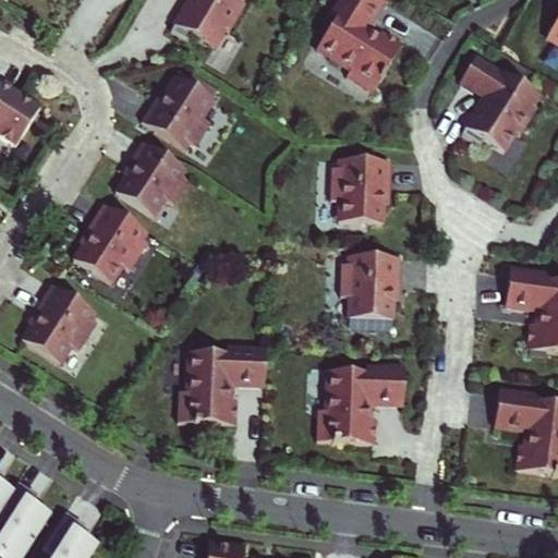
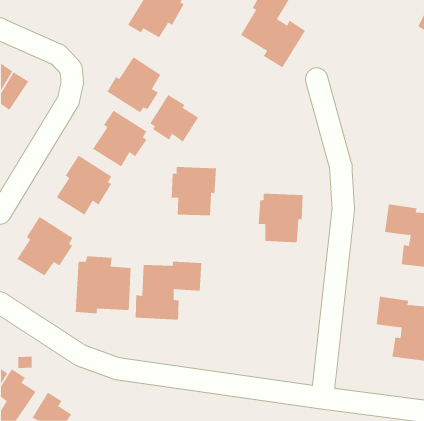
building: [461,56,542,151] -> none
building: none -> [150,94,199,142]
building: [330,157,390,221] -> [171,167,217,216]
building: none -> [75,255,131,314]
building: [315,349,402,425] -> none

